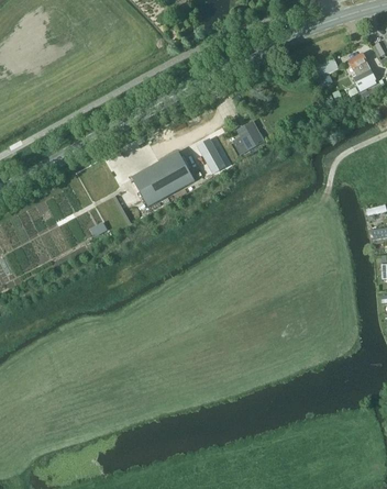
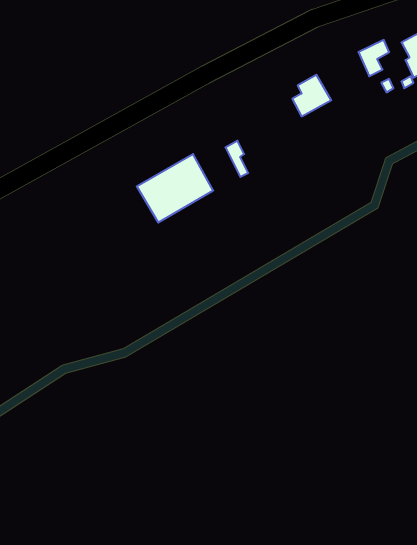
building: [233,120,265,154] -> [292,75,331,116]

